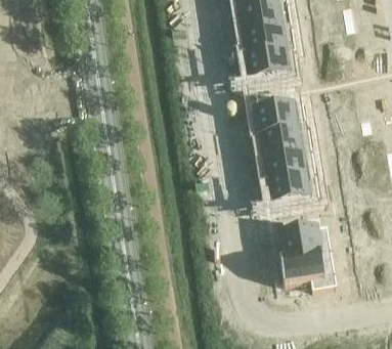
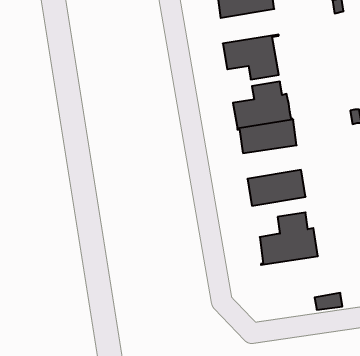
building: [238,21,292,53] -> none
building: [259,146,312,177] -> none
building: [275,248,333,287] -> none

